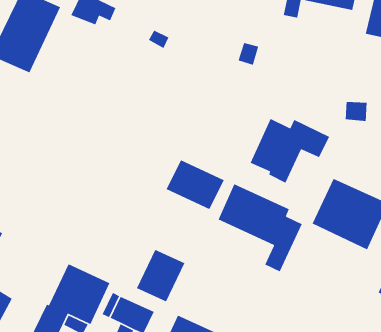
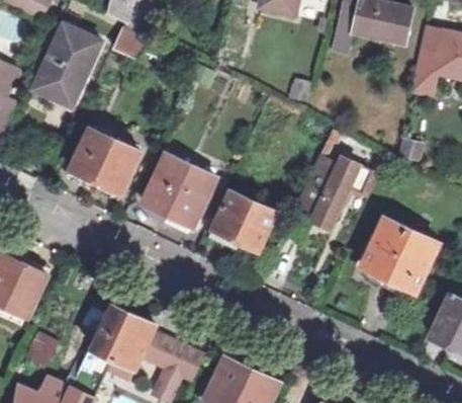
building: none -> [70,128,138,191]
building: none -> [142,154,219,229]
building: [217,183,303,272] -> none
building: [136,249,186,303] -> none

